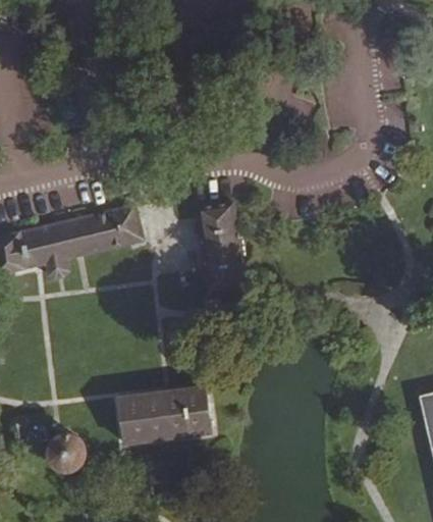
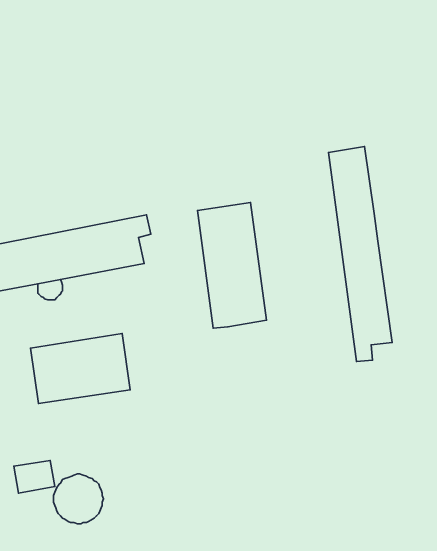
building: none -> [328,146,392,362]
building: [121,386,211,450] -> [30,333,130,403]

